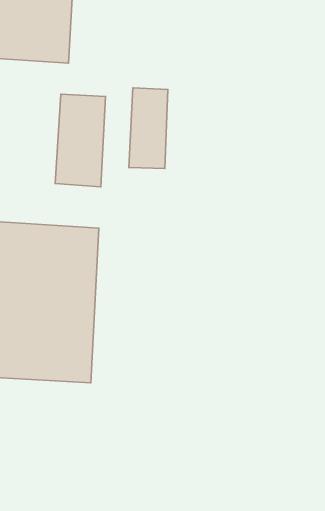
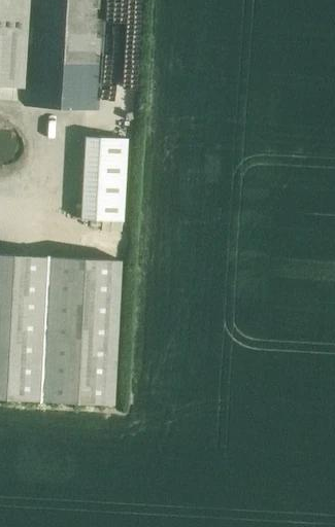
building: [129,88,168,168] -> none

